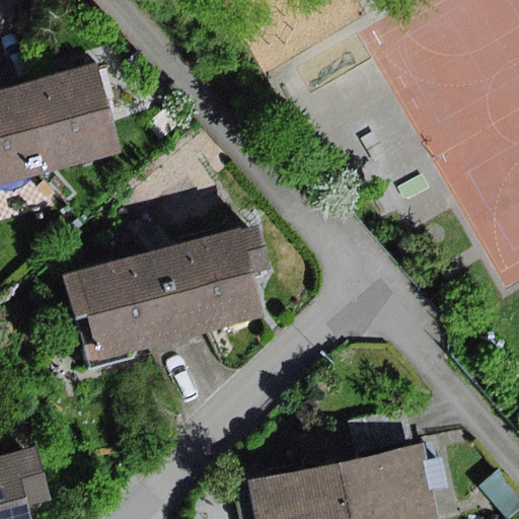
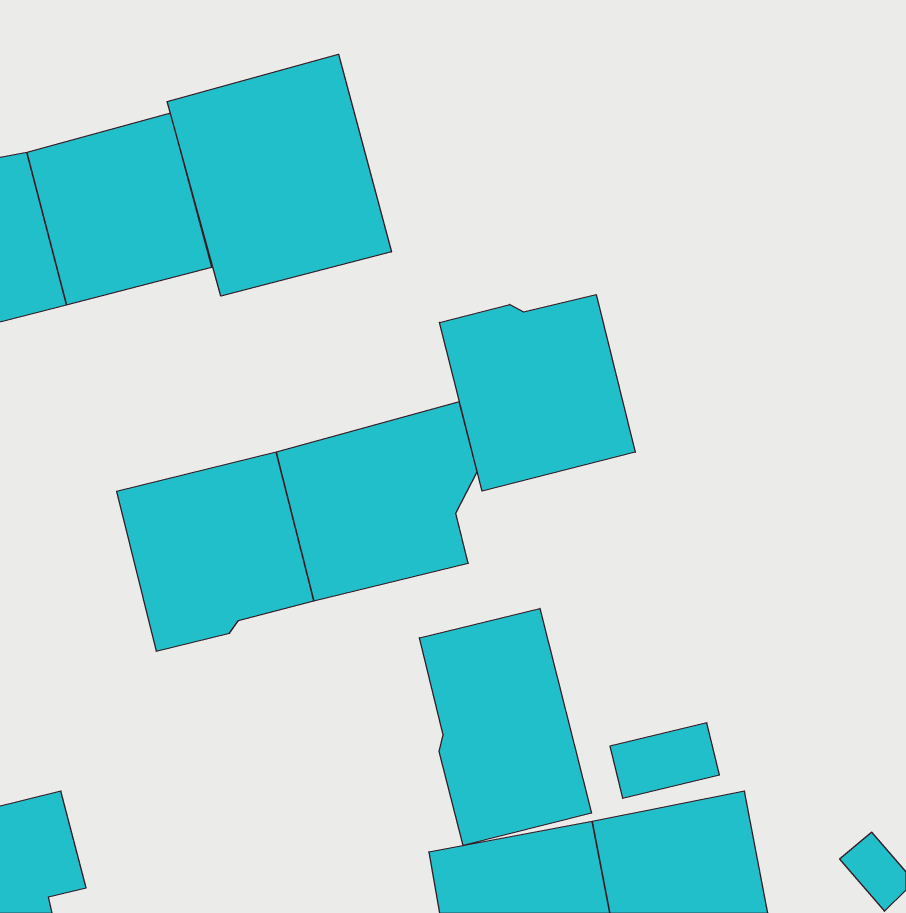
building: none -> [167,54,391,296]
building: none -> [439,295,635,491]
building: none -> [419,608,592,846]

